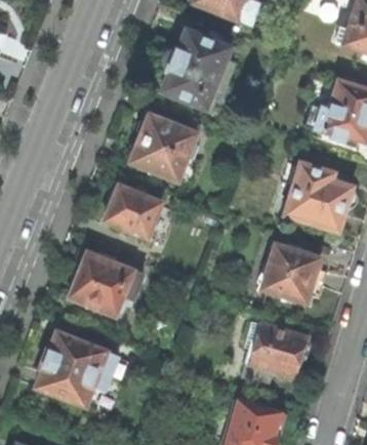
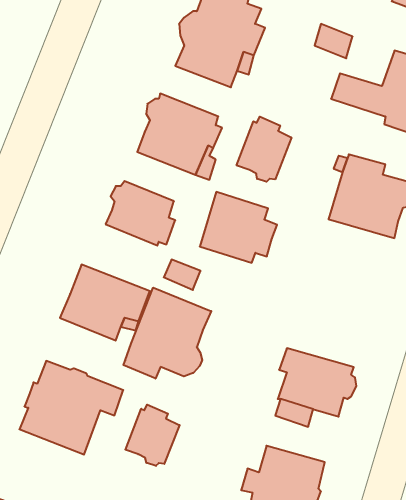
building: none -> [237,117,291,182]
building: [262,244,325,301] -> [200,192,277,263]
building: none -> [123,288,211,379]
building: none -> [125,405,180,466]

